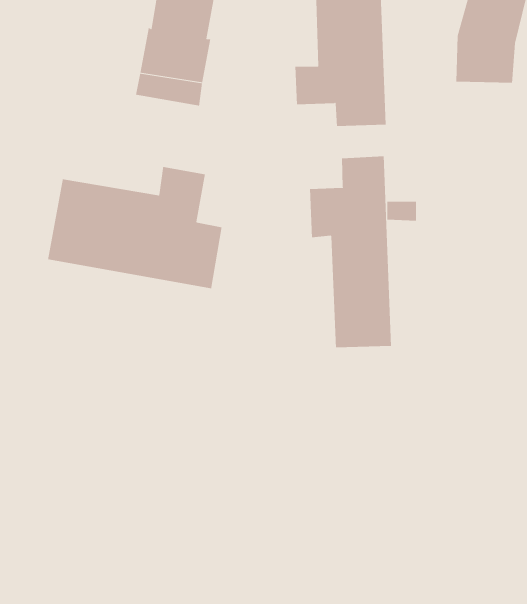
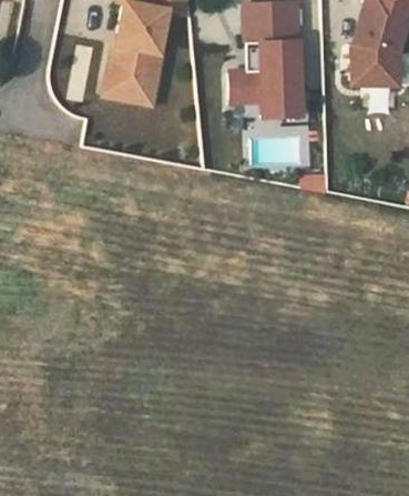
building: [310,156,391,348] -> none
building: [48,166,222,289] -> none

